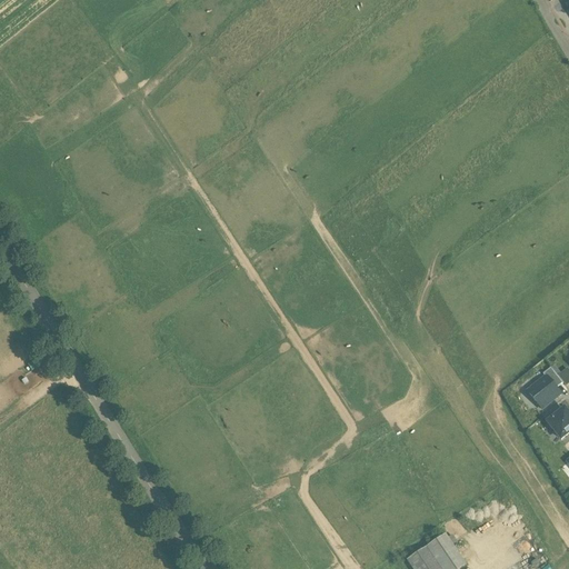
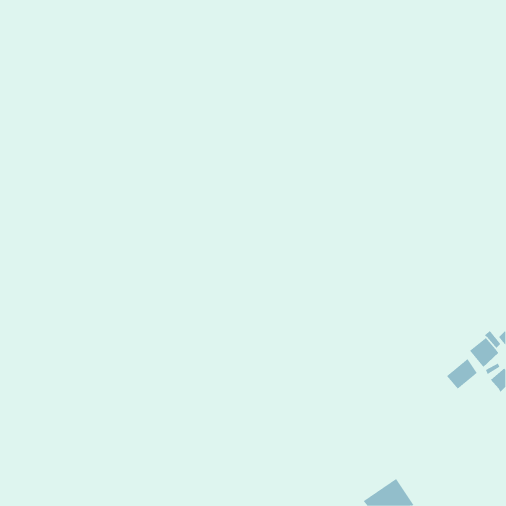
building: none -> [446,358,478,390]

